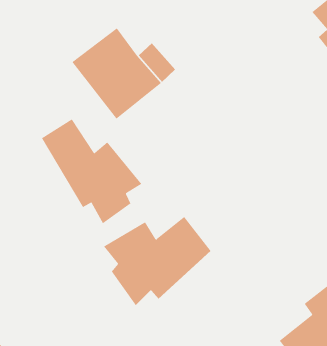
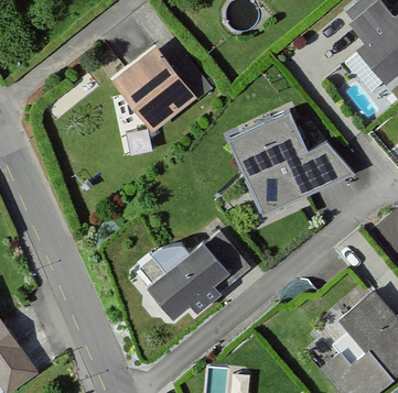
building: none -> [224,109,354,215]
building: [41,118,142,224] -> none

